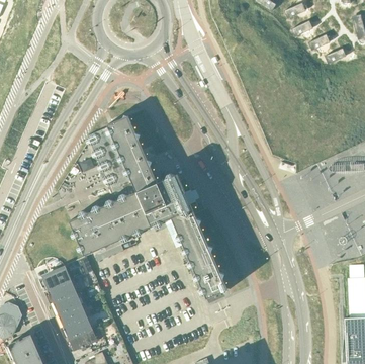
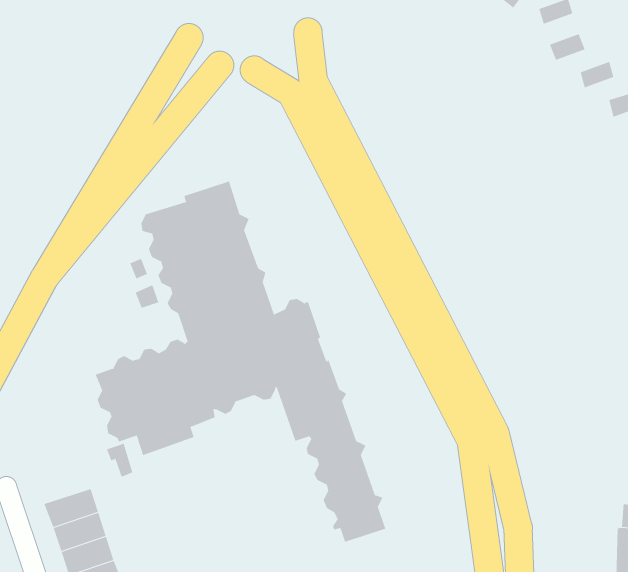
building: [42,268,72,291] -> none

